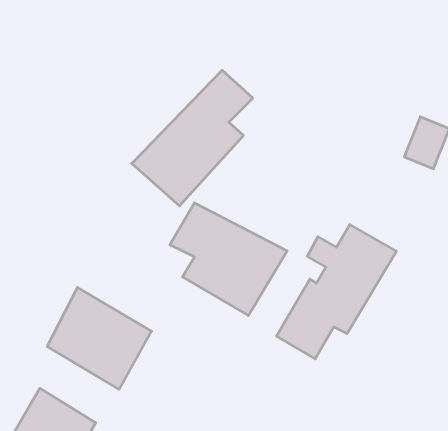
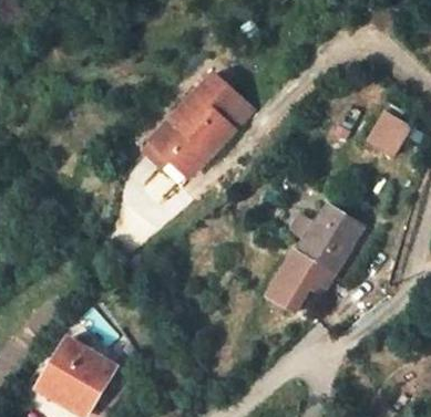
building: [170,203,287,316] -> none
building: [47,287,152,389] -> none

